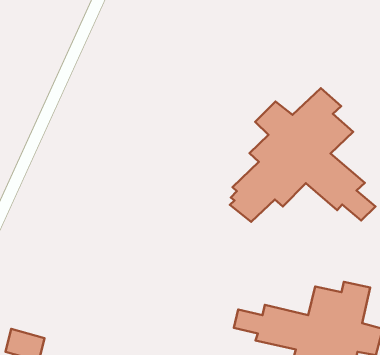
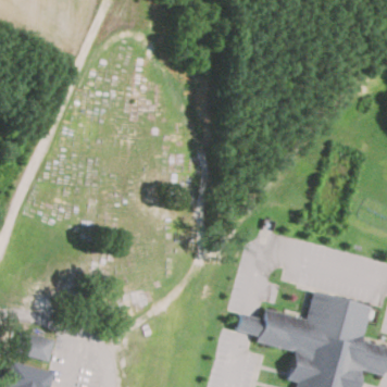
building: [230,88,375,222] -> none

